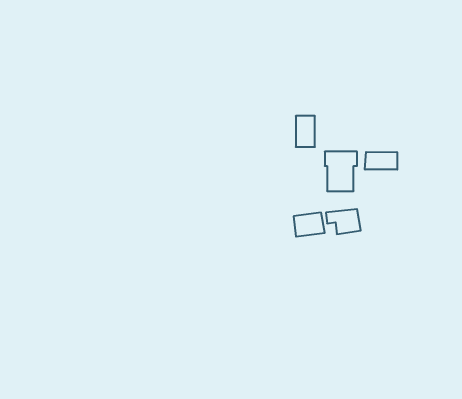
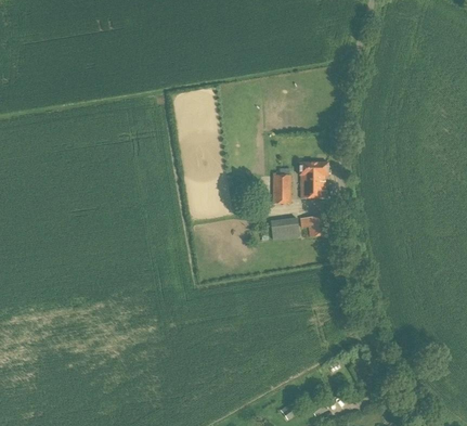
building: [296,116,315,147] -> [273,176,290,204]
building: [365,152,397,170] -> none

